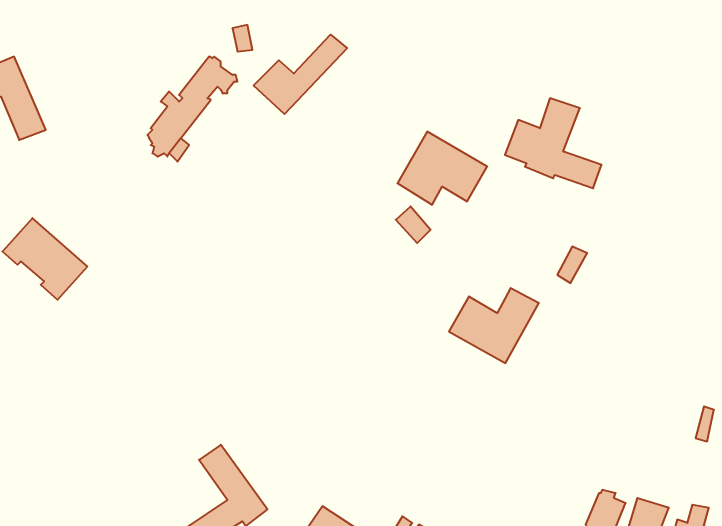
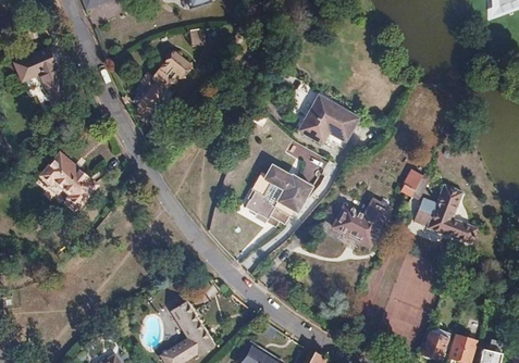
building: [254,35,347,114] -> none
building: [505,98,602,188] -> [415,184,478,242]
building: none -> [244,170,310,226]

